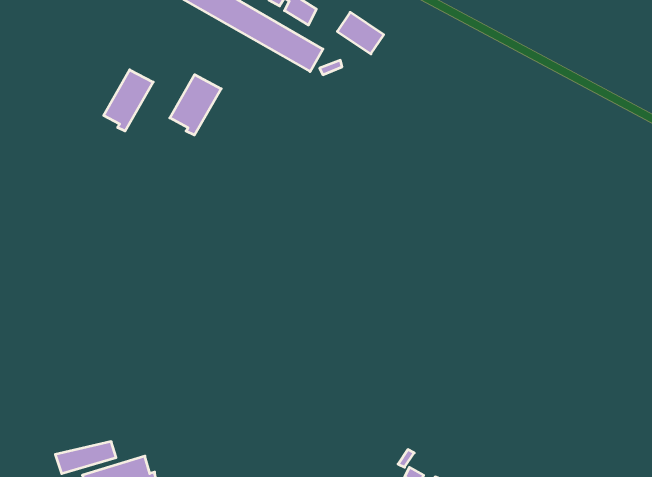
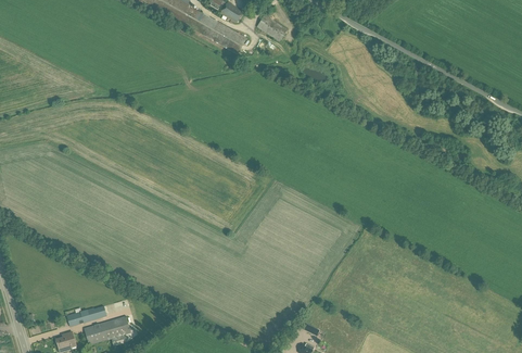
building: [104,70,153,131] -> none
building: [170,75,221,135] -> none

